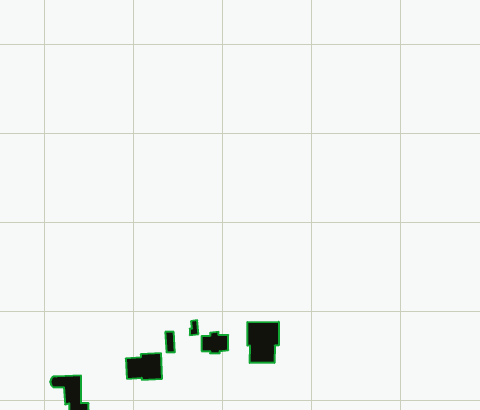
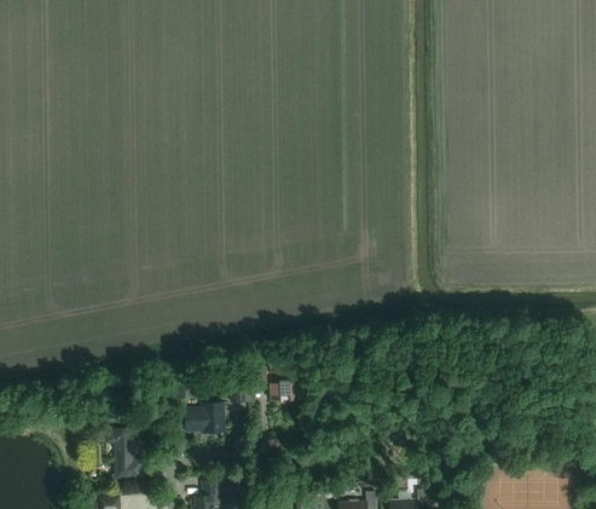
building: [247,322,279,363] -> none

